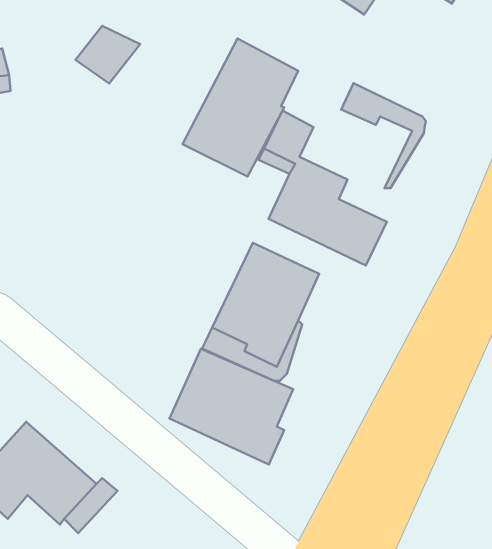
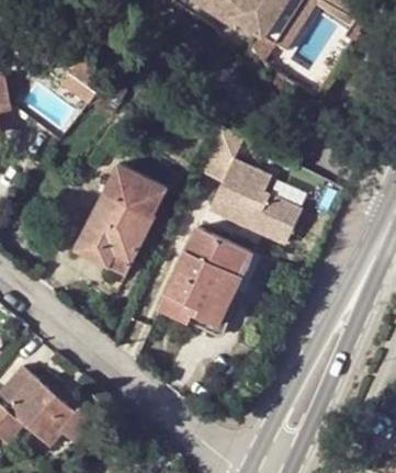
building: [183,38,298,177] -> [73,165,163,272]
building: [341,83,426,188] -> none
building: [169,349,293,465] -> none

